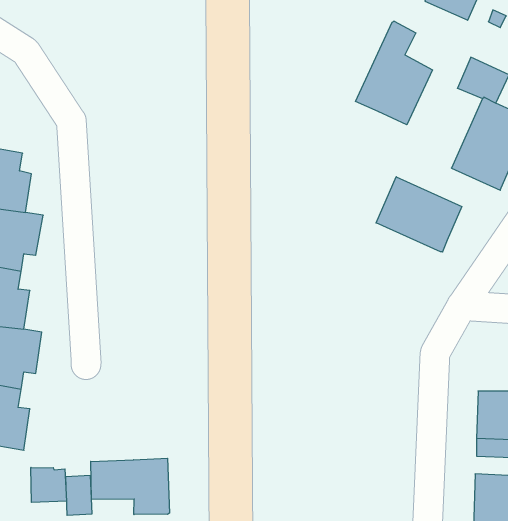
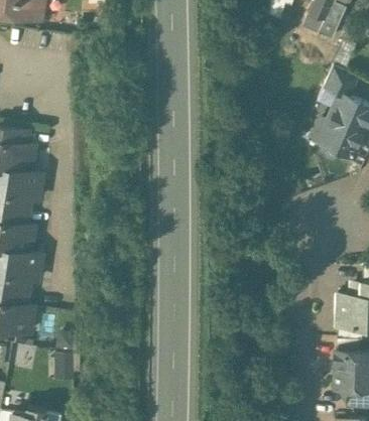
building: [355,21,433,125] -> none
building: [376,177,462,252] -> none
building: [91,458,170,515] -> none
building: [31,467,66,502] -> none

